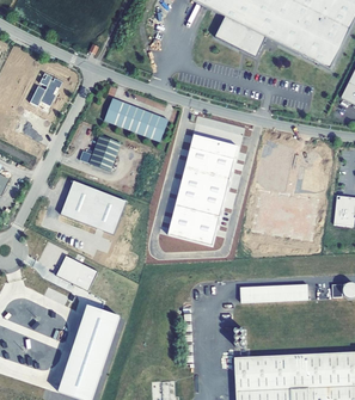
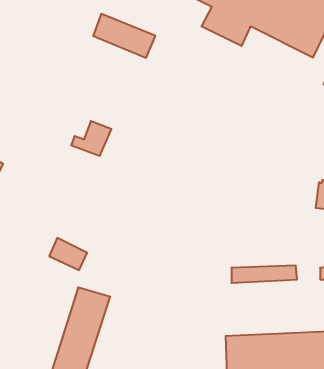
building: [27,73,61,106] -> none
building: [104,97,169,142] -> [93,14,155,58]
building: [167,135,238,247] -> none
building: [57,180,123,234] -> none

